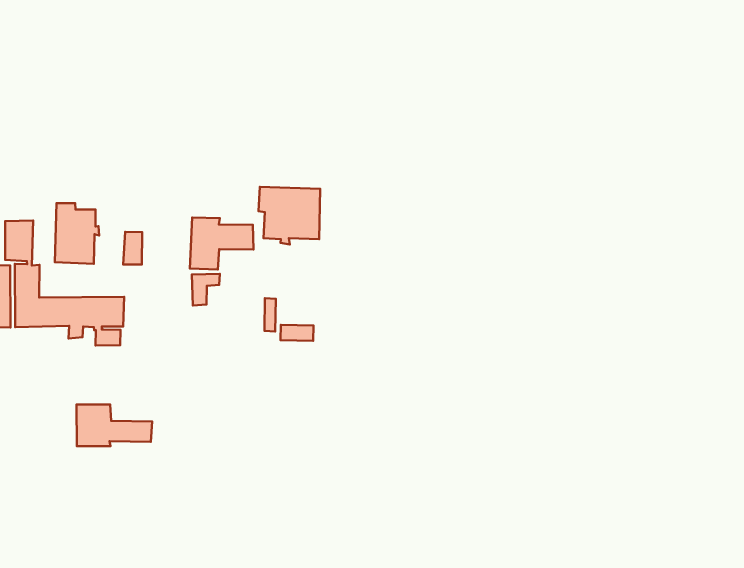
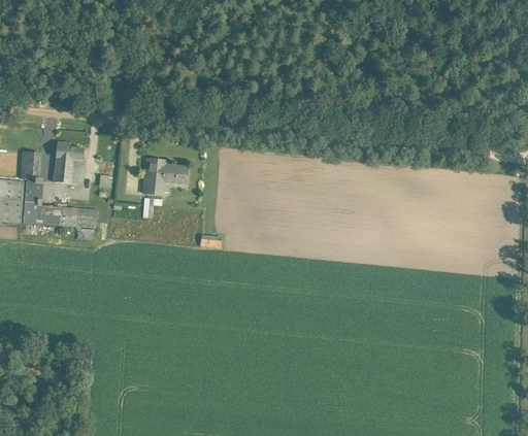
building: [259,187,320,245] -> none
building: [76,404,152,446] -> none

